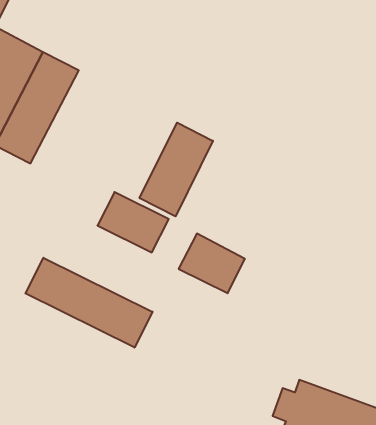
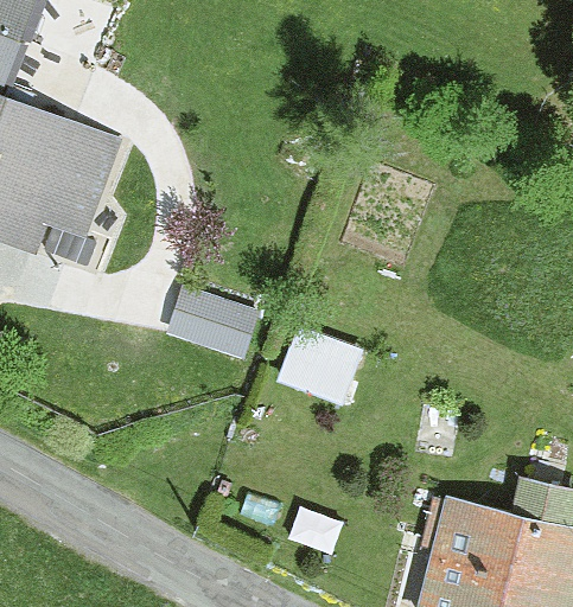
building: [140,123,213,216] -> none
building: [25,258,153,348] -> none

